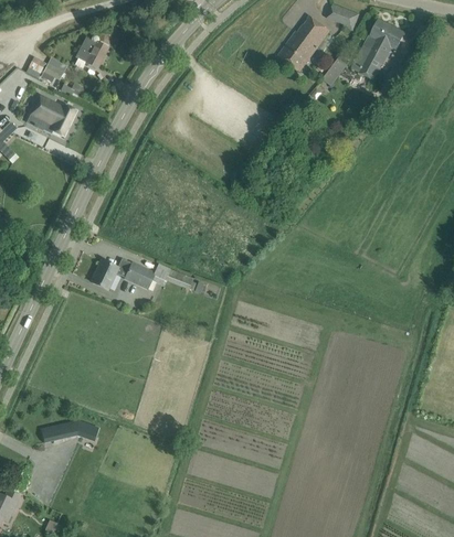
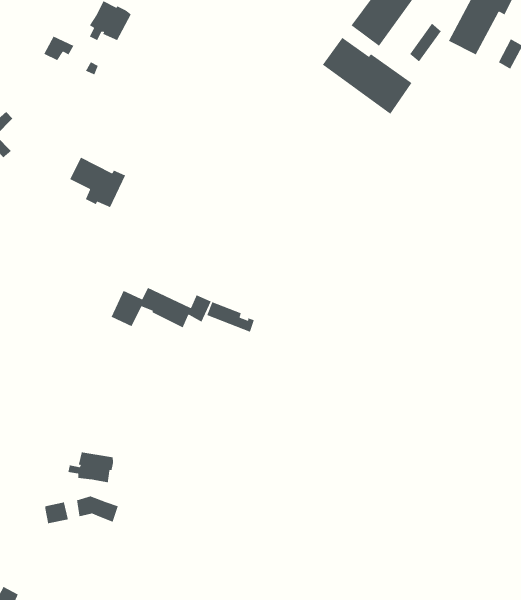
building: none -> [322,37,413,115]
building: [30,96,74,136] -> [69,157,126,208]
building: none -> [68,452,114,483]

